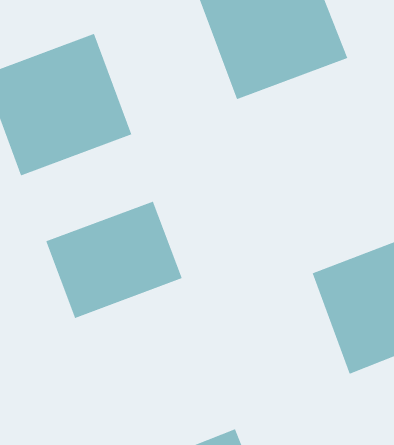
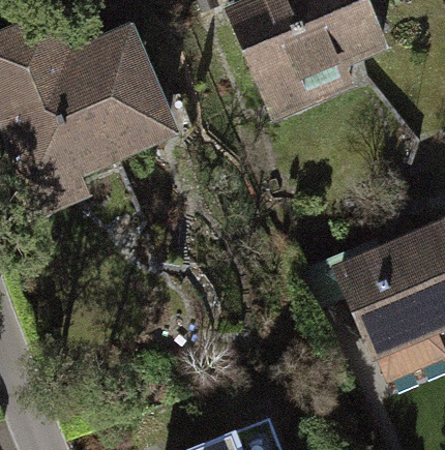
building: [46,201,182,319] -> none

